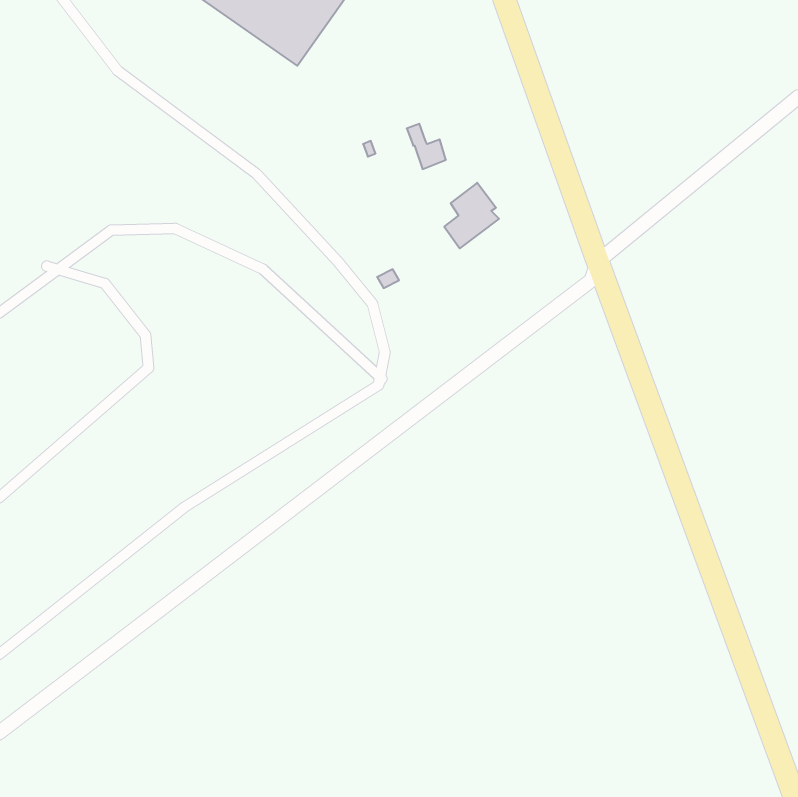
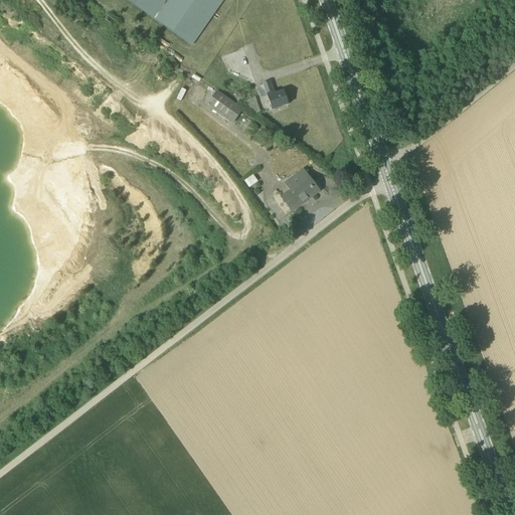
building: none -> [206,90,241,122]
building: [444,183,499,248] -> [281,168,316,210]

